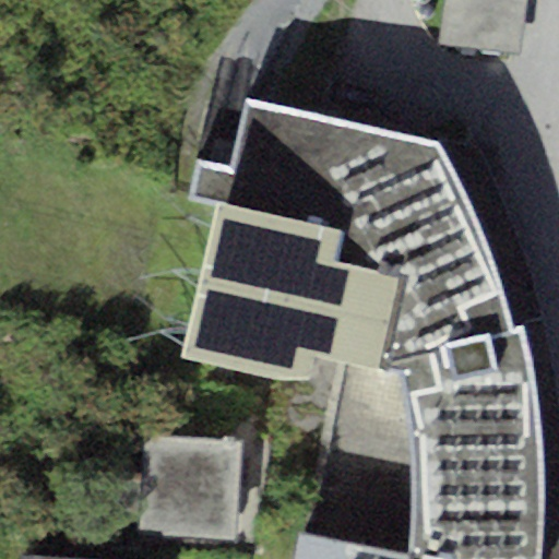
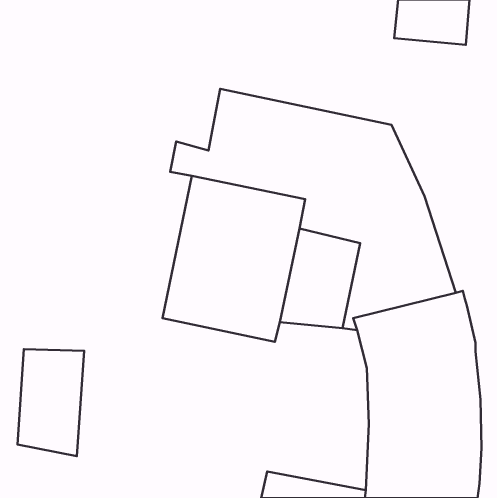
building: none -> [17,349,84,456]
building: [142,430,246,539] -> none

